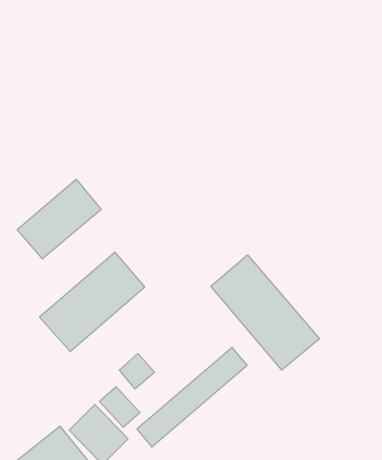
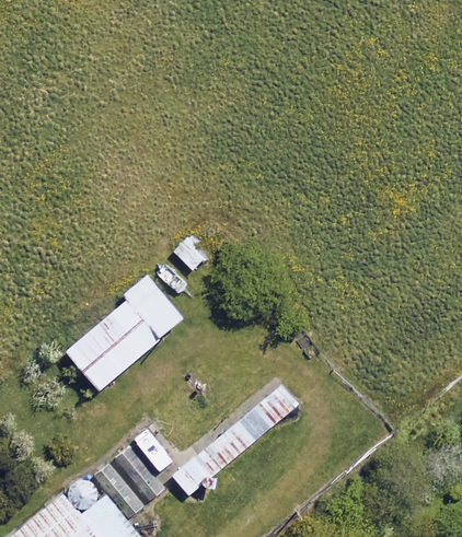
building: [17,179,101,259] -> none
building: [211,255,319,370] -> none

